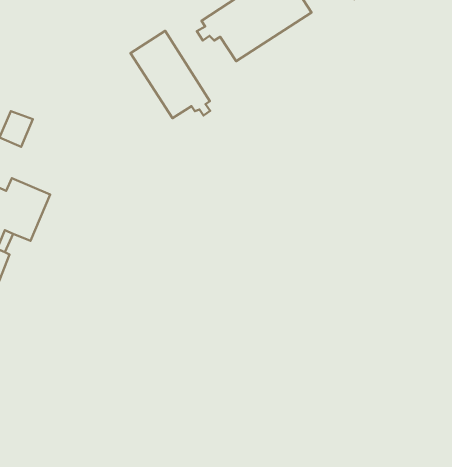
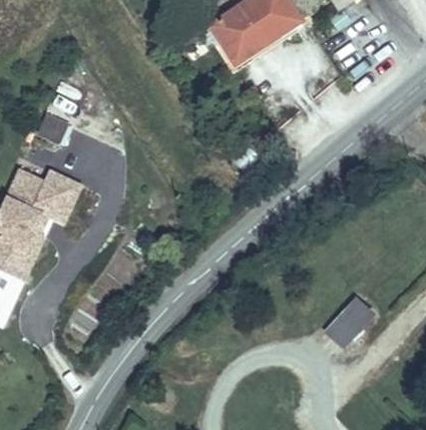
building: [131,31,210,118] -> none
building: none -> [330,301,374,347]

